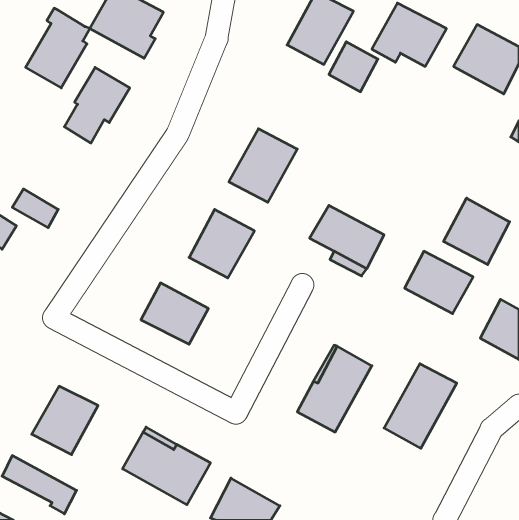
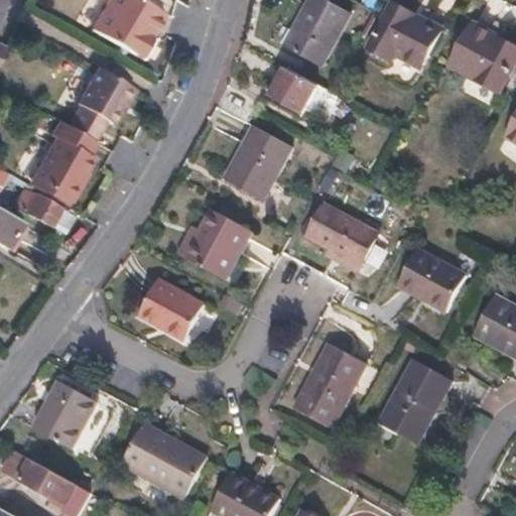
building: [26,8,90,88] -> [31,123,95,202]
building: [329,42,378,92] -> [269,67,317,116]
building: [444,198,510,265] -> none

